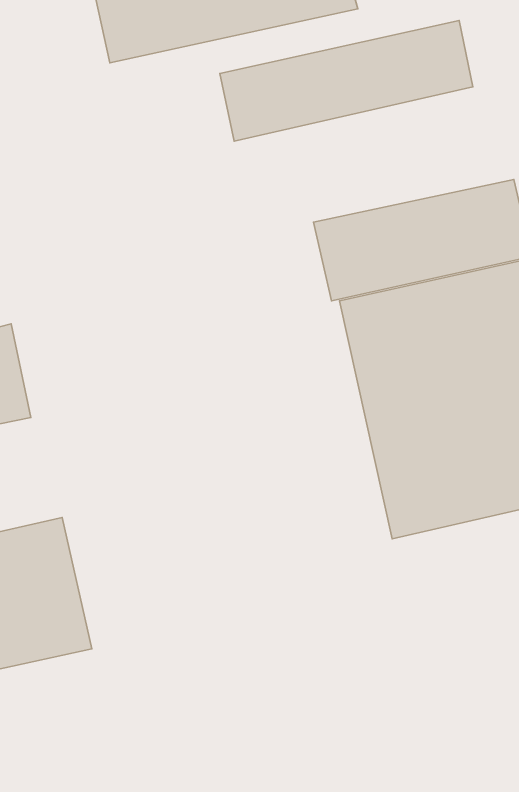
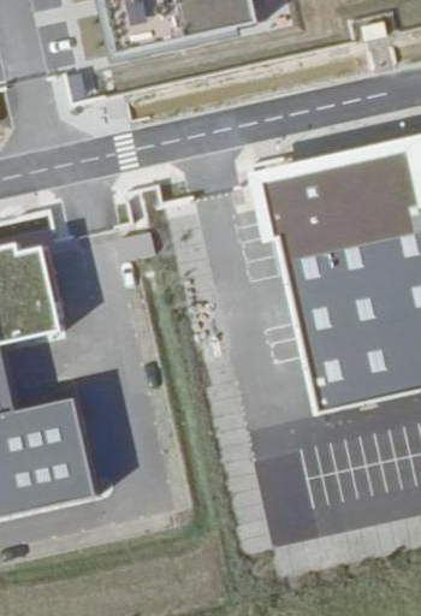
building: [220,21,473,141] -> none

